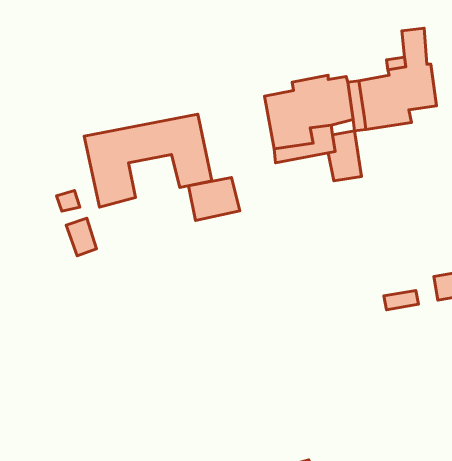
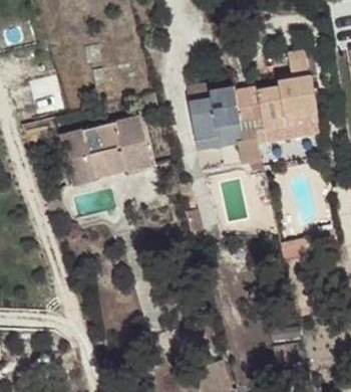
building: [188,177,240,220] -> [94,146,131,177]

